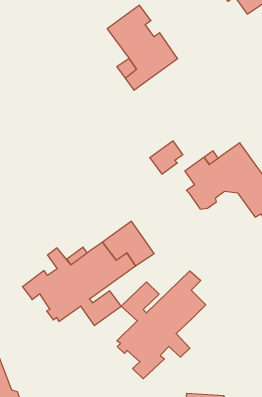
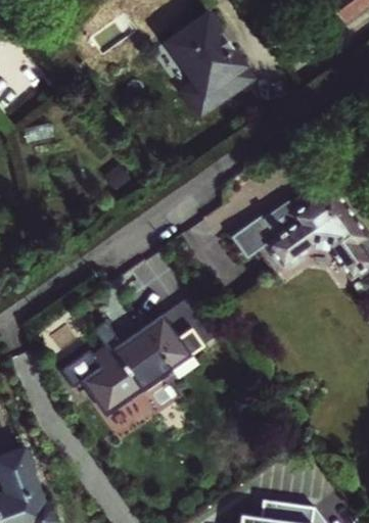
building: [150,141,183,174] -> [234,223,276,265]
building: [117,271,206,379] -> none

